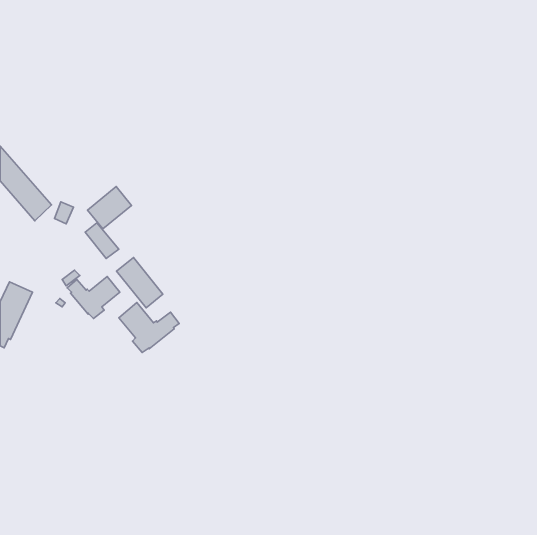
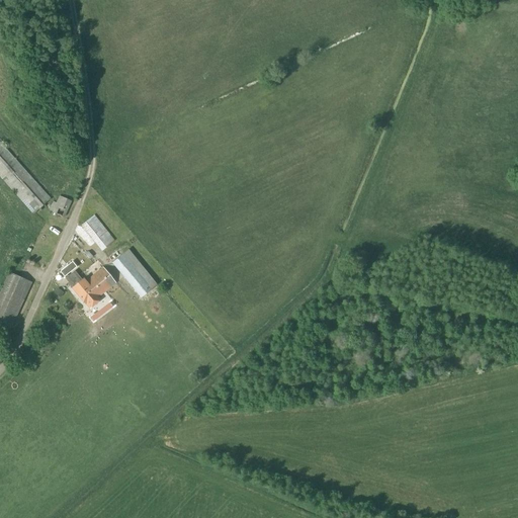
building: [87,187,131,229] -> none
building: [119,303,179,353] -> none

